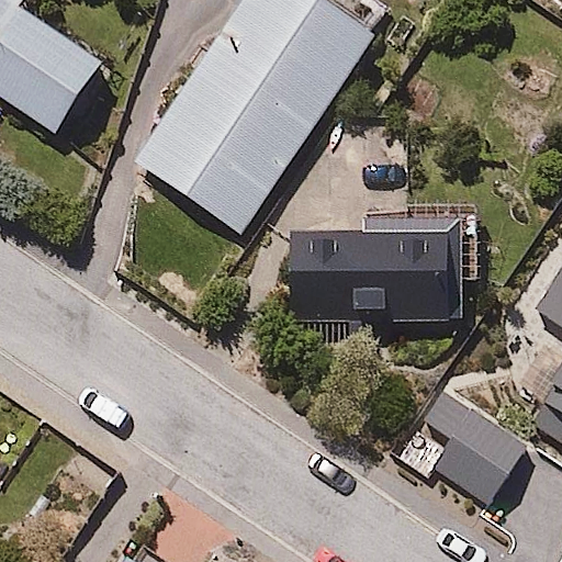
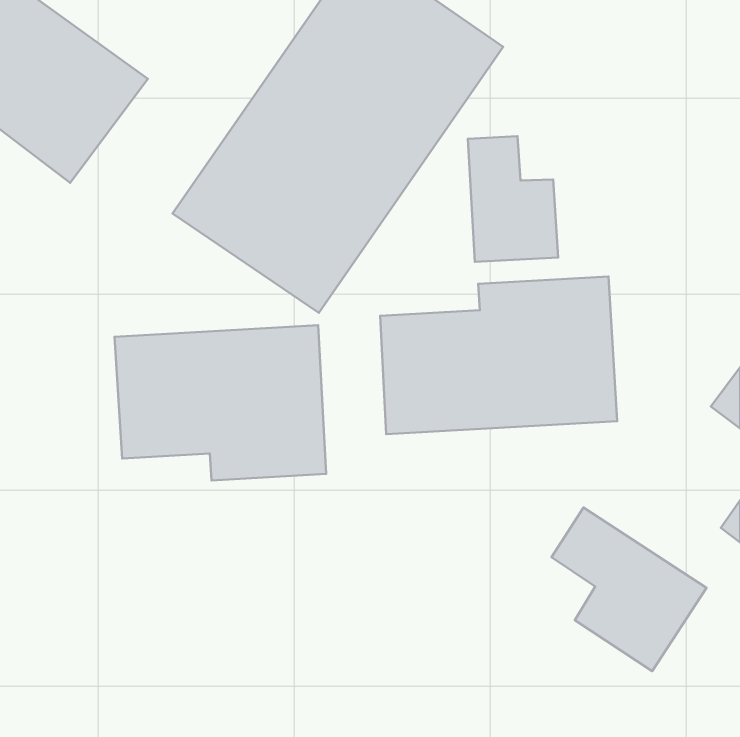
building: none -> [468,136,558,262]
building: none -> [114,325,326,481]

